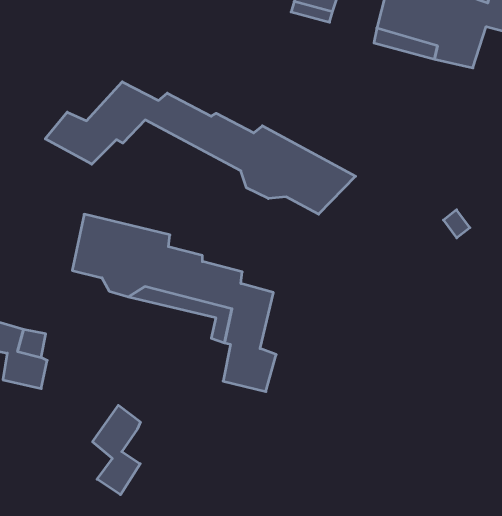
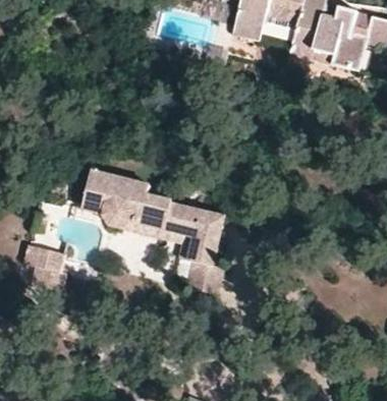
building: [45,82,356,214] -> none
building: [93,405,140,495] -> none

